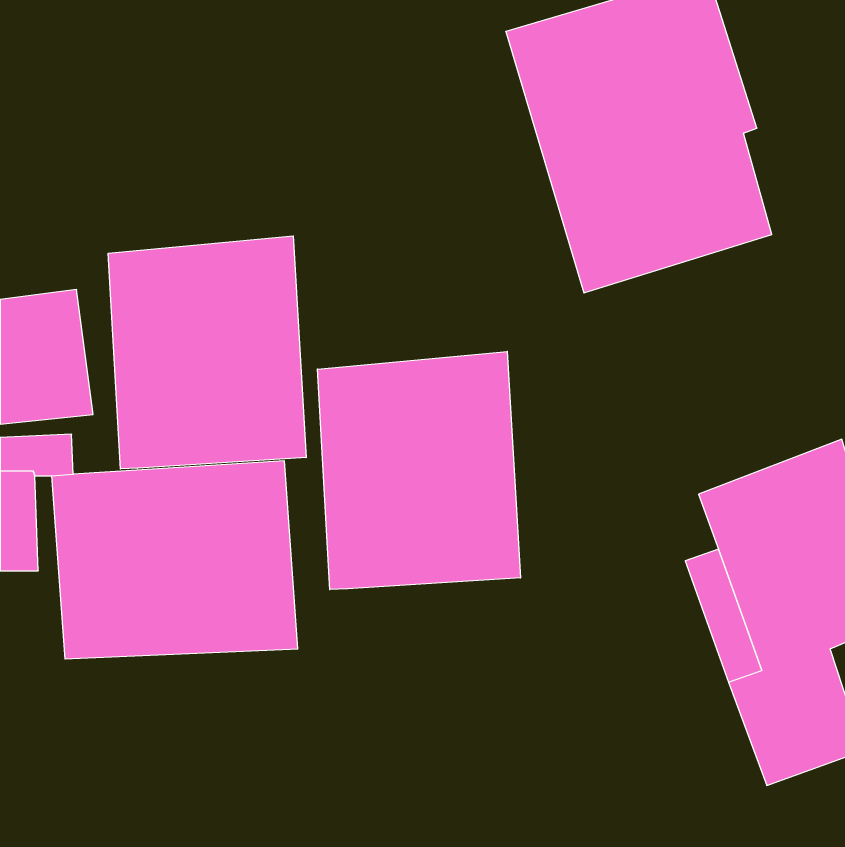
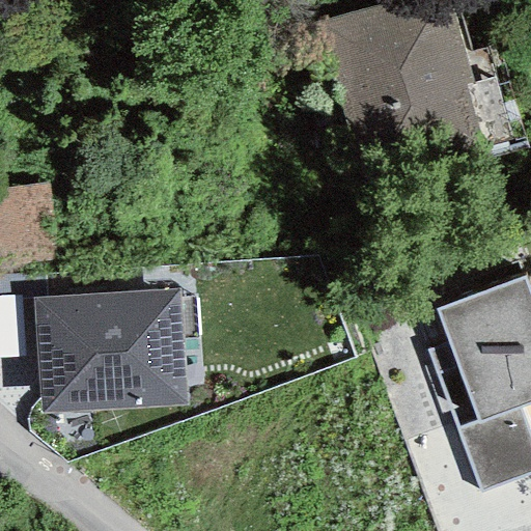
building: [108,236,306,469] -> none
building: [317,351,520,590] -> none

